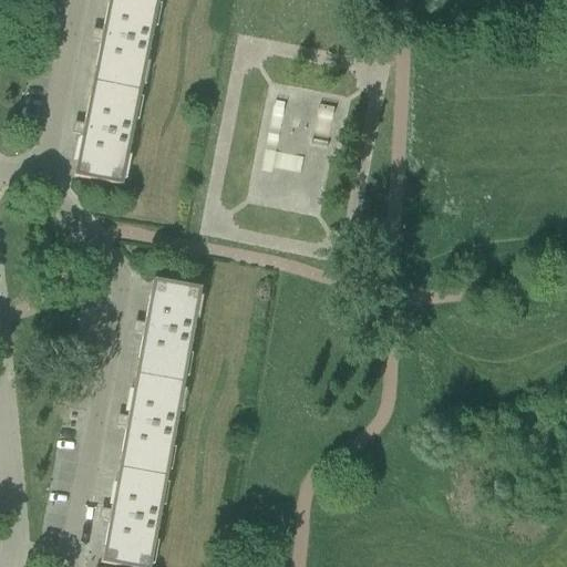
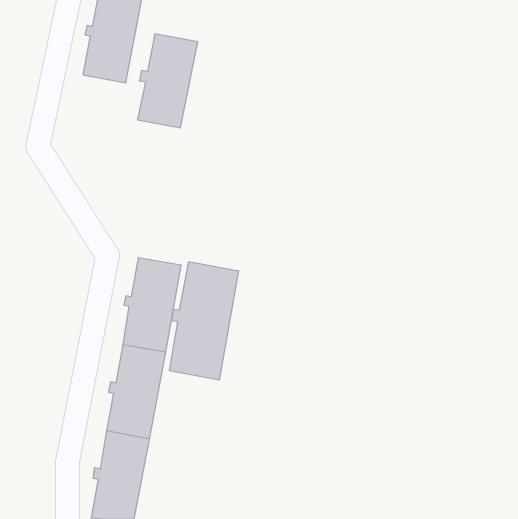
building: [76,81,142,183] -> [137,34,198,128]
building: none -> [170,262,239,380]

